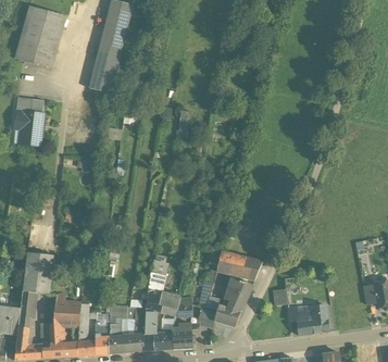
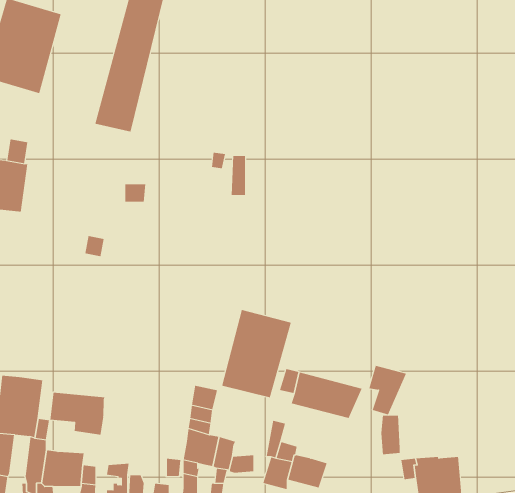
building: none -> [221,309,292,398]
building: none -> [50,392,105,436]
building: [227,277,252,310] -> [369,365,407,415]

